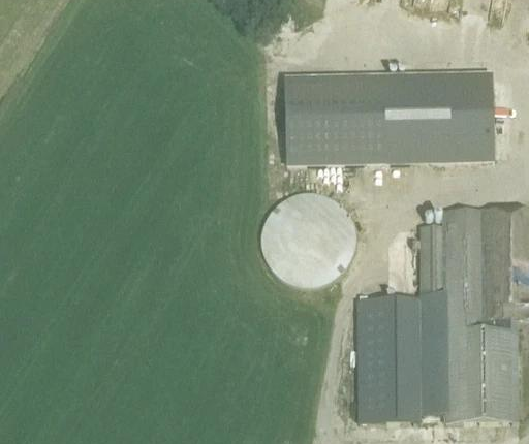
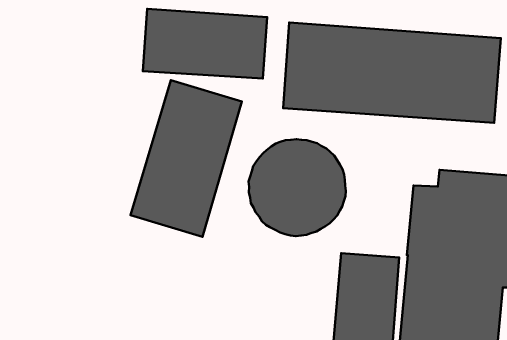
building: none -> [143,9,267,78]
building: none -> [130,80,242,237]

